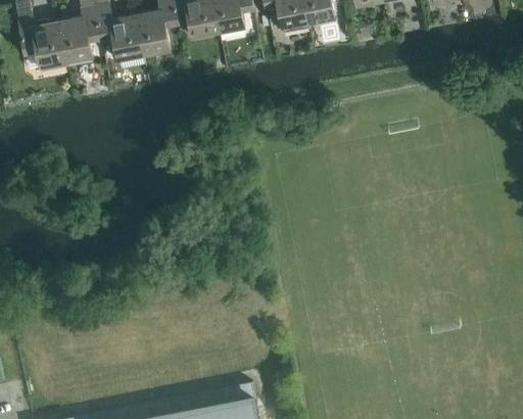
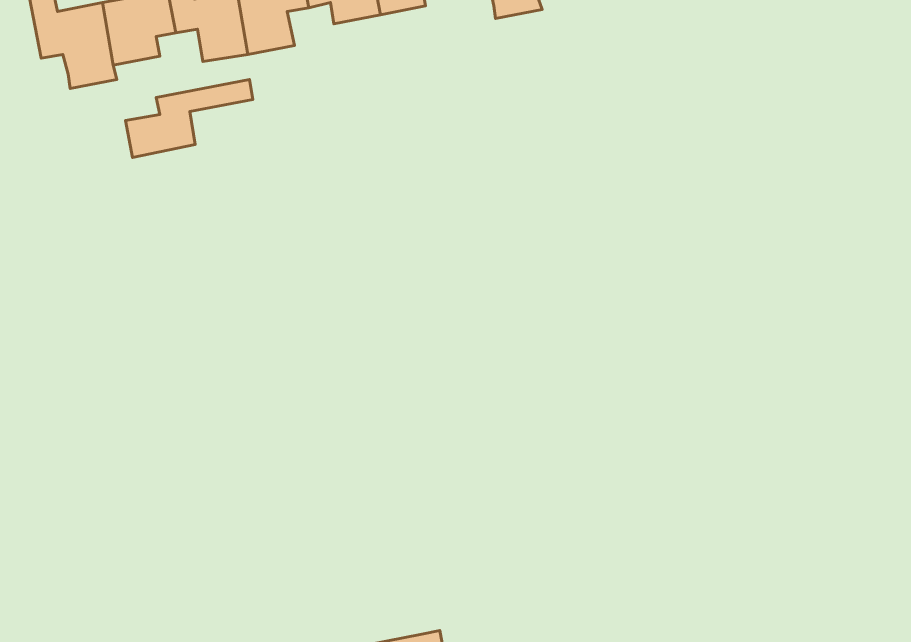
building: none -> [126,80,253,157]

